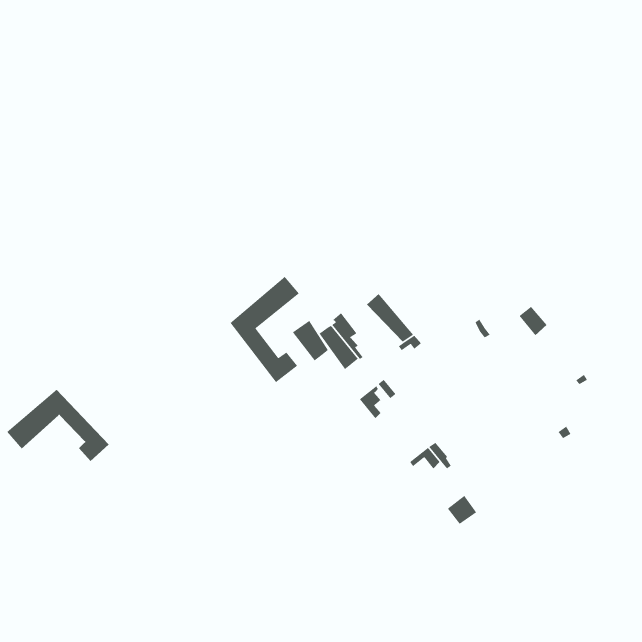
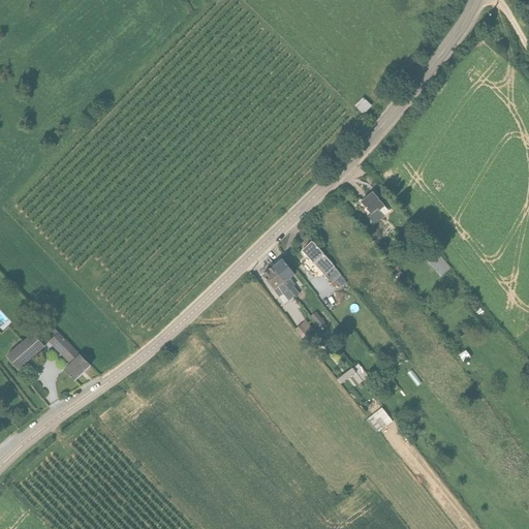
building: none -> [362,191,390,224]
building: [230,276,300,383] -> none
building: [292,320,329,361] -> none

